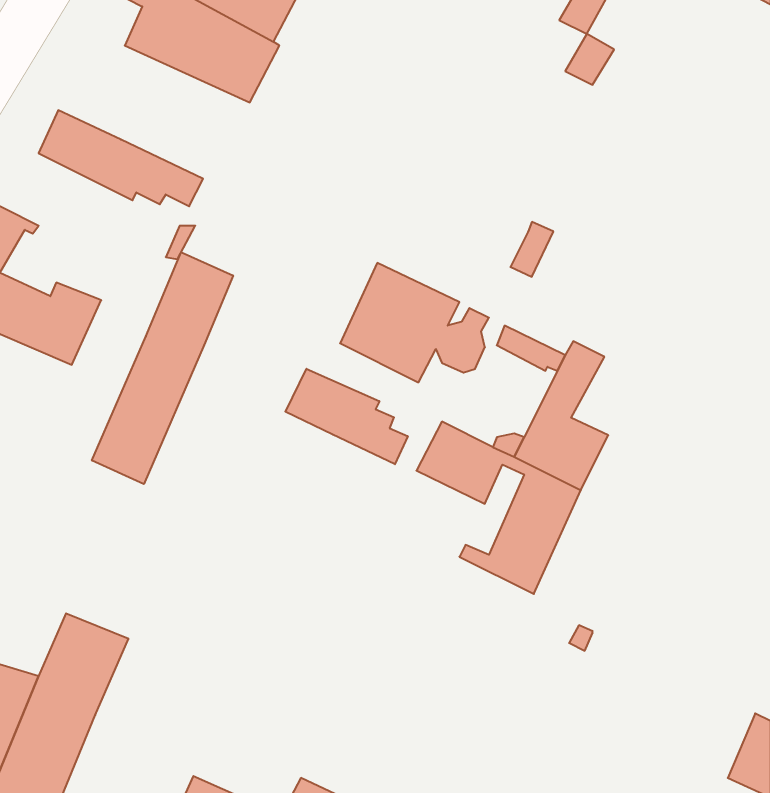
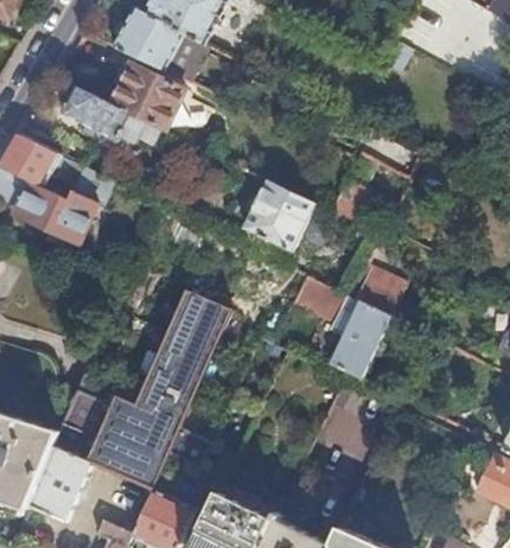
building: none -> [109,64,184,132]
building: [92,252,233,484] -> none
building: [285,369,408,464] -> none
building: none -> [94,286,231,483]
building: none -> [315,400,364,451]

